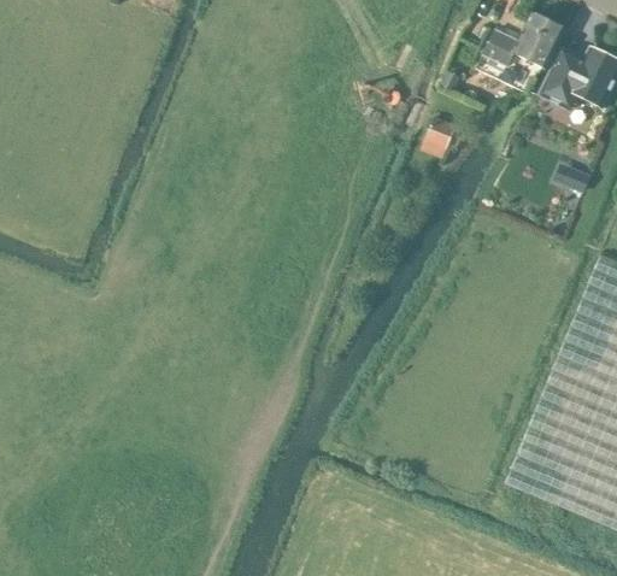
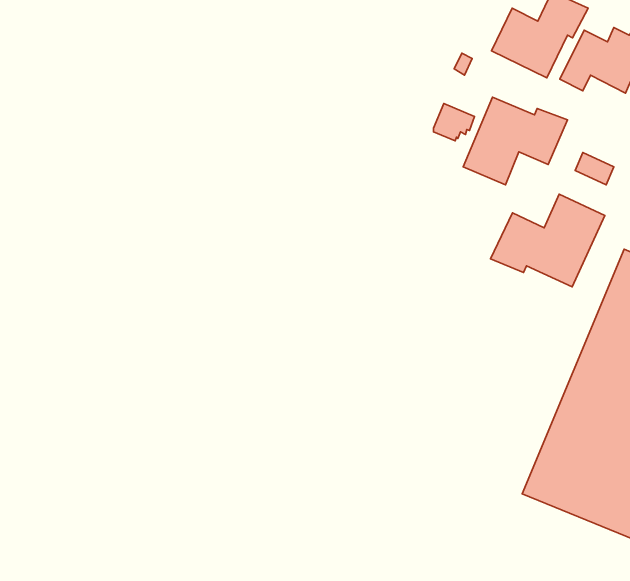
building: none -> [463,97,568,185]
building: none -> [491,194,605,287]

